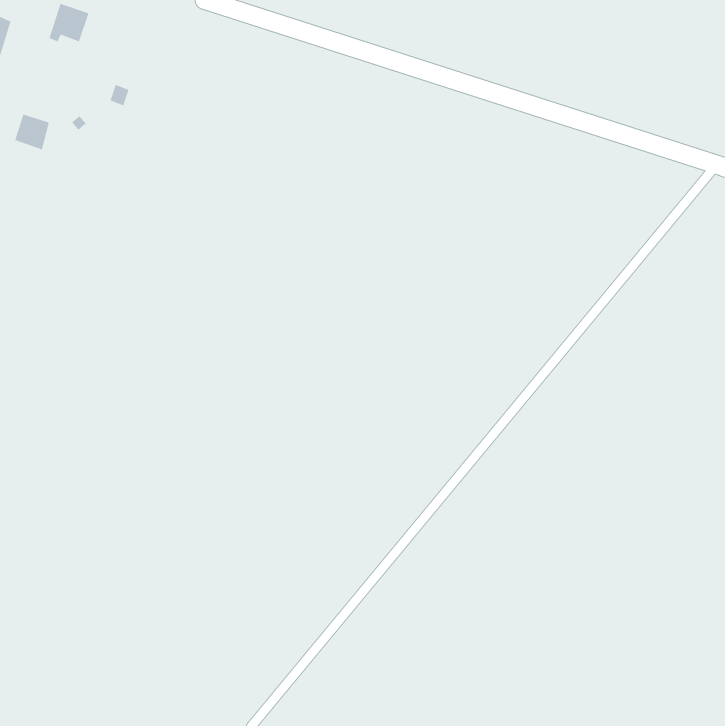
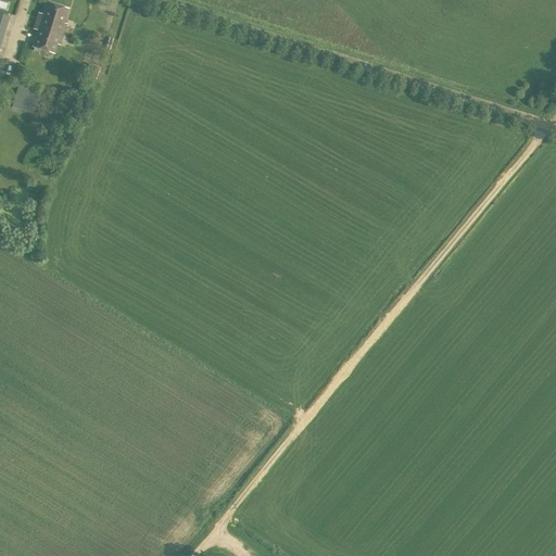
building: none -> [31,27,61,53]

